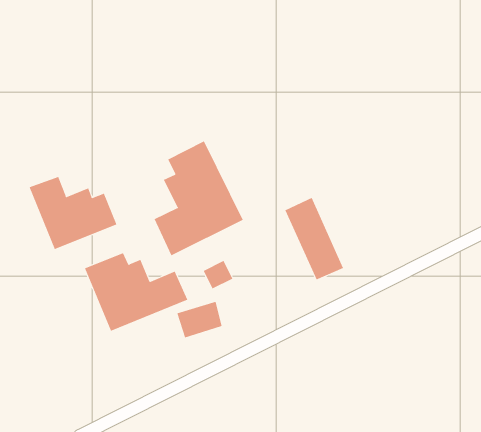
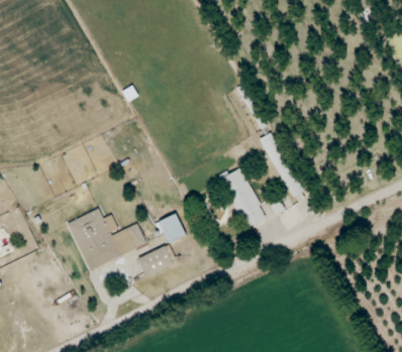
building: [154,140,243,256] -> none
building: [29,176,117,250] -> none

